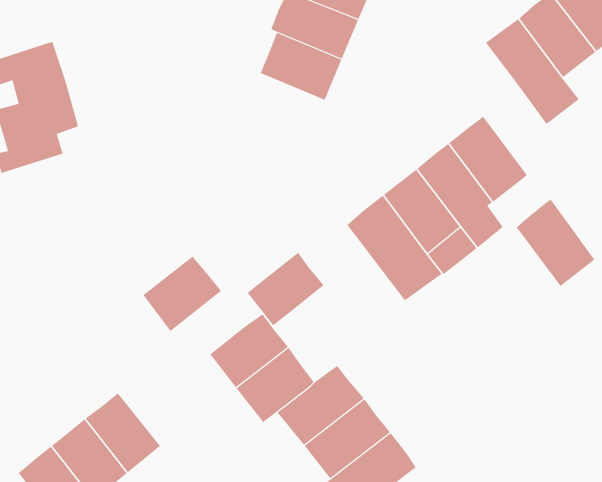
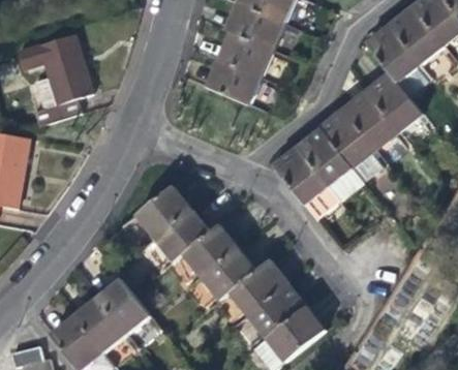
building: none -> [203,59,259,105]
building: [516,199,595,287] -> [367,68,421,128]
building: [247,252,324,326] -> [154,207,207,257]

